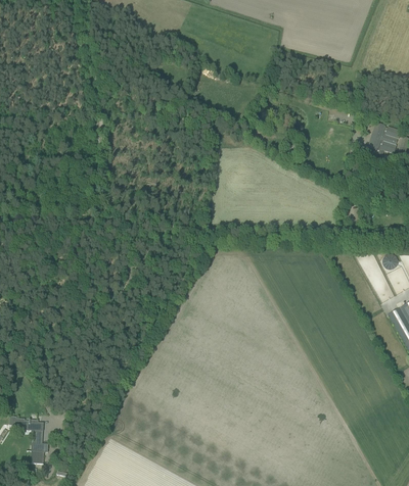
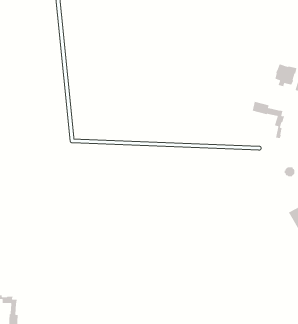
building: none -> [252,101,285,139]

